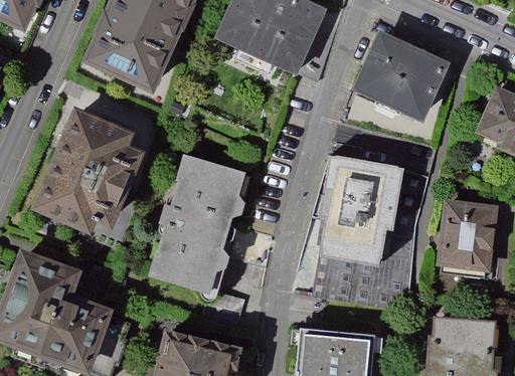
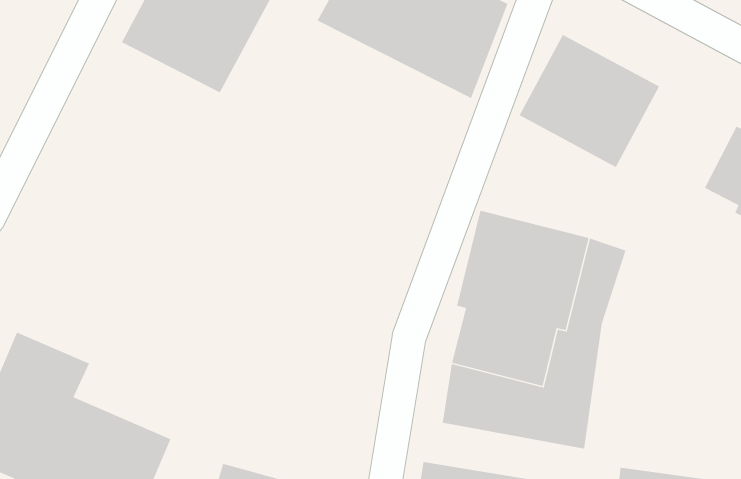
building: [38,112,140,230] -> none
building: [147,153,247,296] -> none
building: [439,198,496,267] -> none

